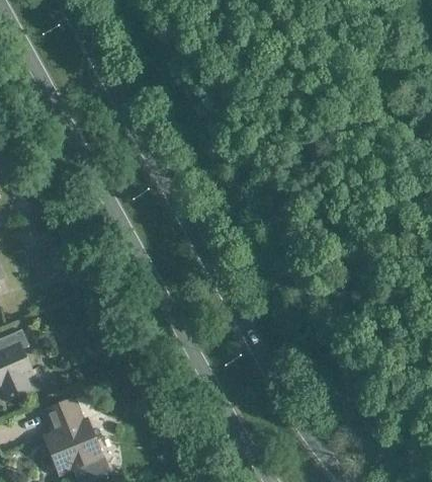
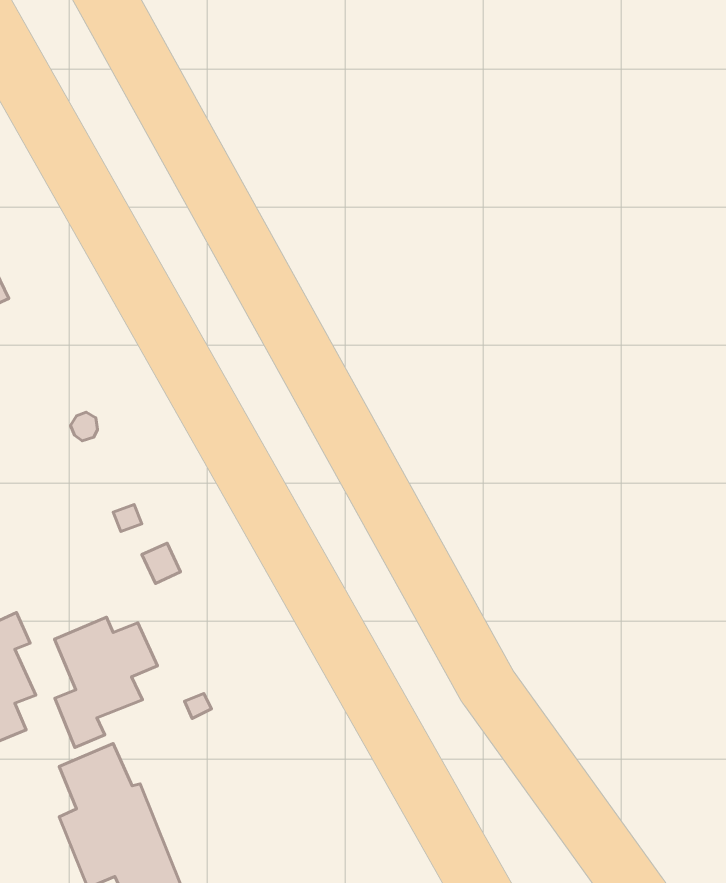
building: none -> [54,617,157,747]

